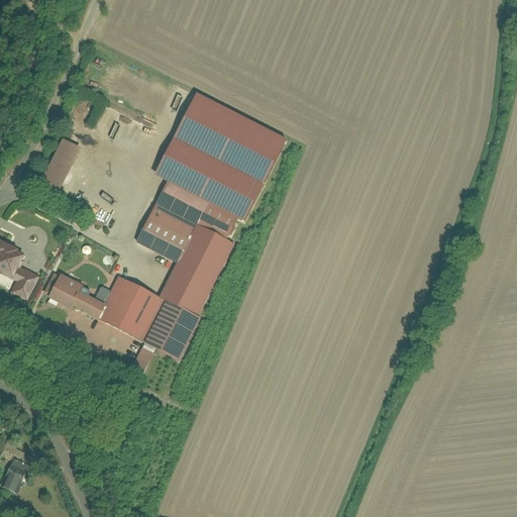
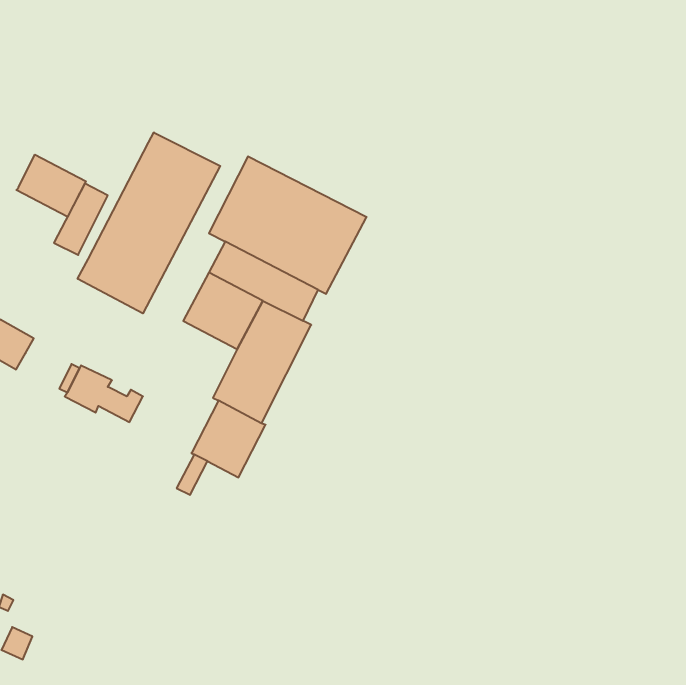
building: [186,94,287,163] -> none
building: none -> [78,132,220,313]
building: none -> [16,155,86,217]
building: [11,265,38,298] -> none
building: [97,277,164,339] -> none

